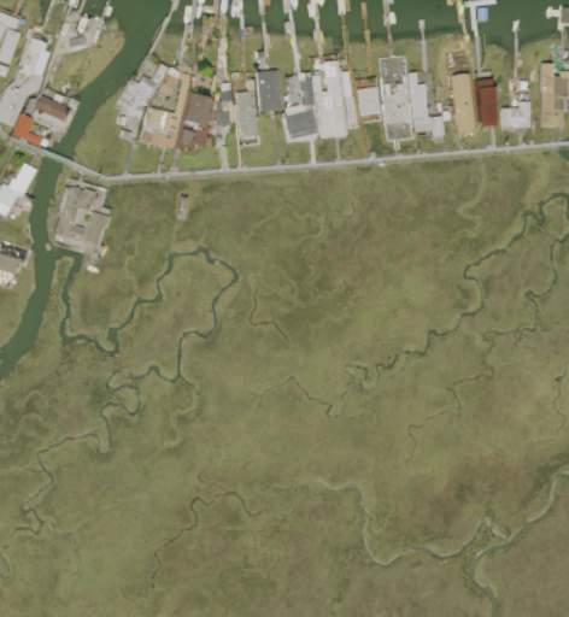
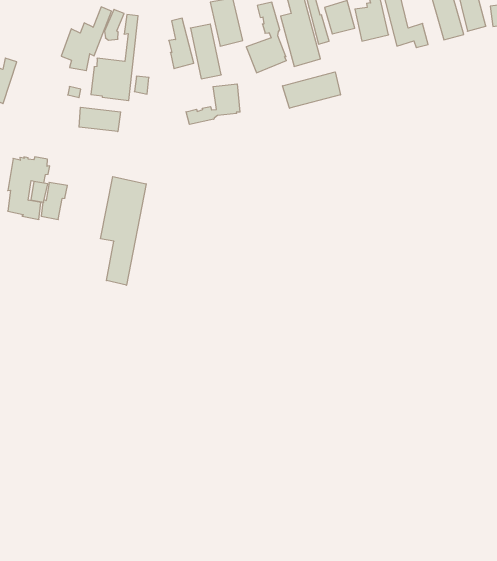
building: [183,92,212,127] -> none
building: none -> [186,84,240,124]
building: none -> [283,72,340,108]
building: none -> [79,107,121,132]
building: none -> [101,177,146,285]

